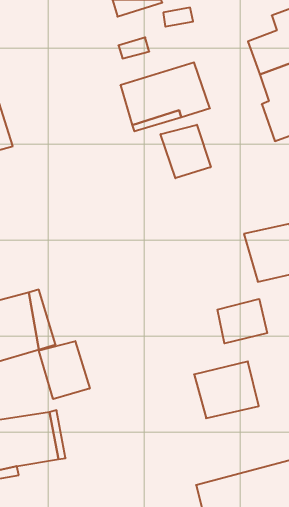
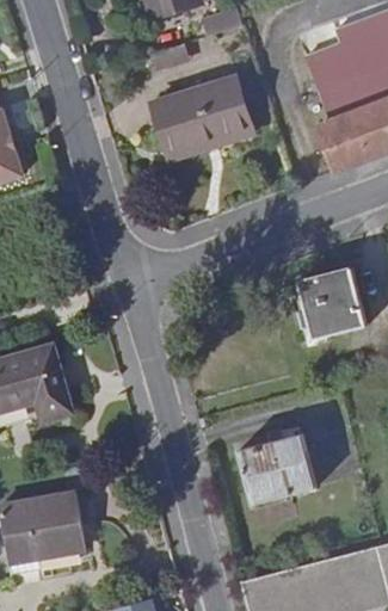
building: [161,125,211,178] -> none
building: [217,299,267,343] -> none
building: [39,341,90,399] -> none

